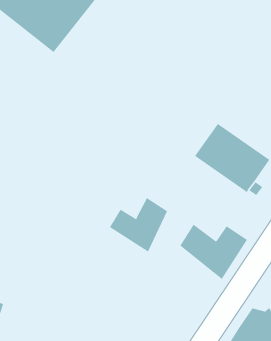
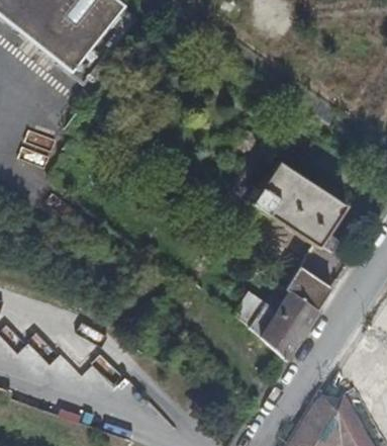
building: [109,197,168,253] -> none
building: none -> [286,265,332,308]

